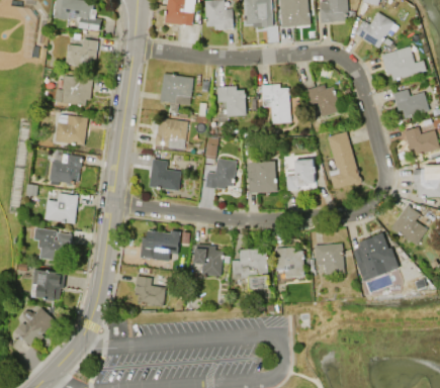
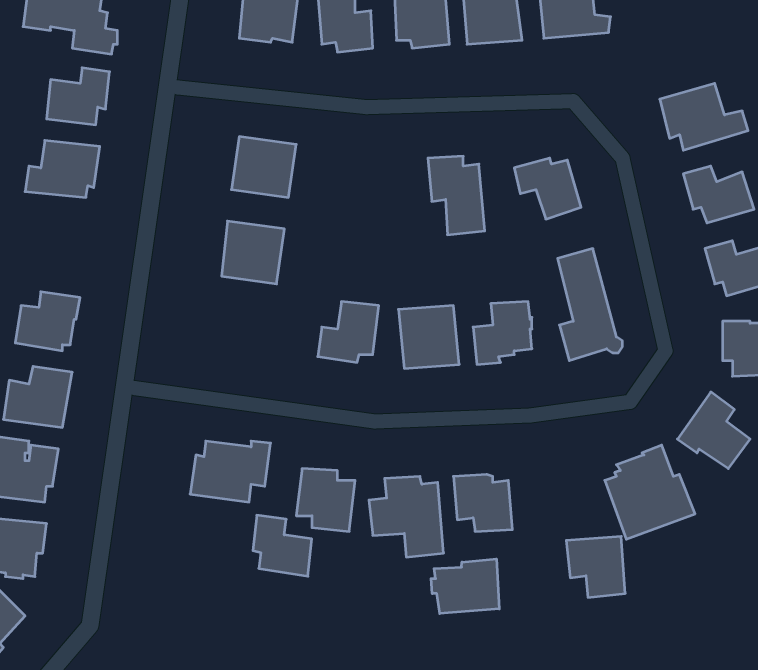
building: [354,12,393,47] -> none
building: [216,86,246,116] -> none
building: [54,115,87,146] -> none
building: [149,160,180,191] -> none
building: [314,244,344,275] -> [566,536,625,597]
building: [135,276,165,307] -> [253,515,312,576]
building: none -> [431,559,499,614]

